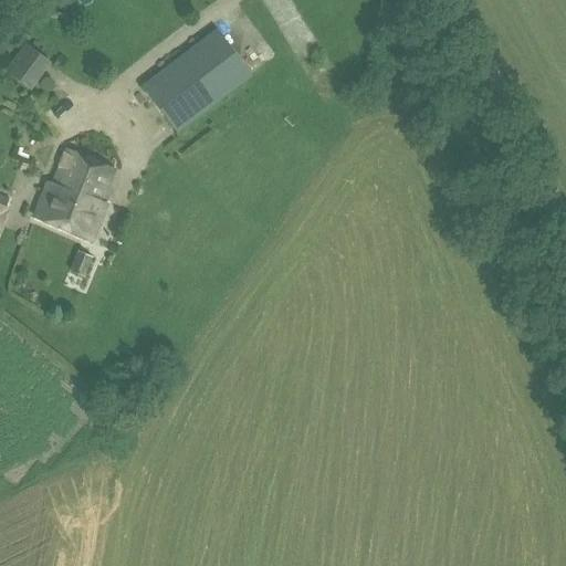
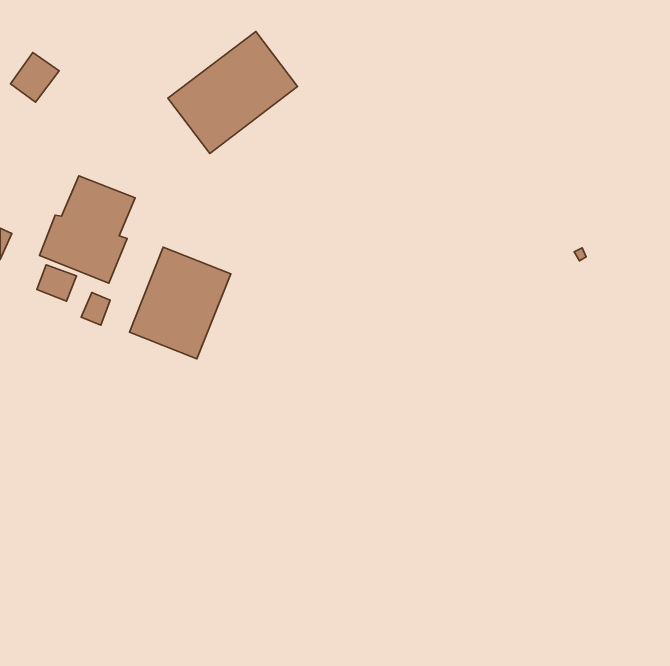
building: none -> [129,247,231,359]
building: none -> [37,265,77,301]

